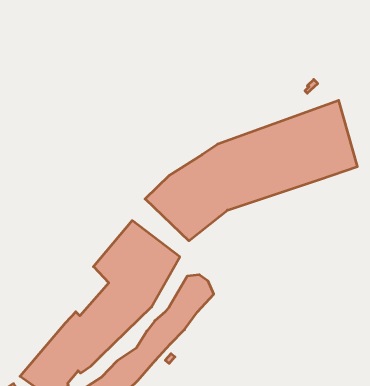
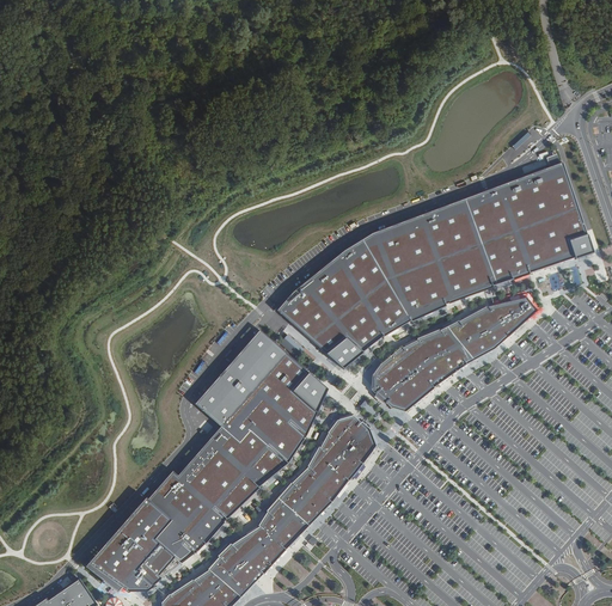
building: none -> [373,296,537,408]

